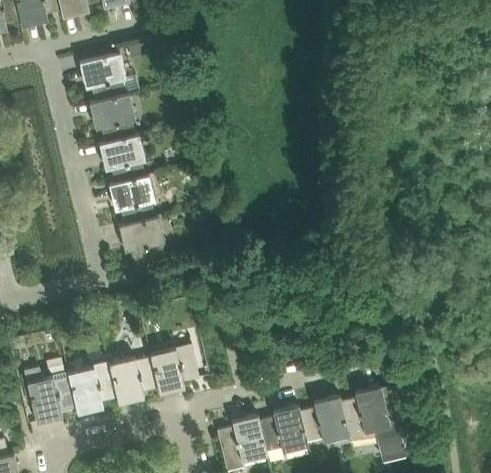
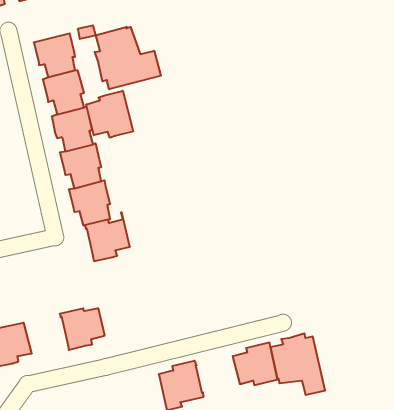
building: none -> [95,27,161,89]
building: none -> [86,91,133,138]
building: [149,340,199,394] -> [85,212,130,261]
building: [68,367,117,414] -> none
building: [259,405,309,452] -> none

